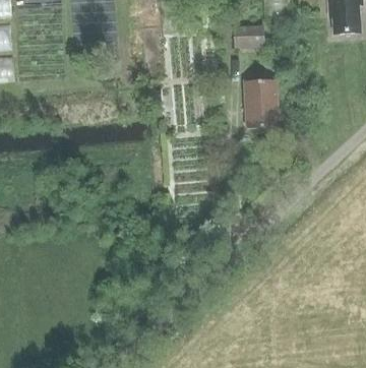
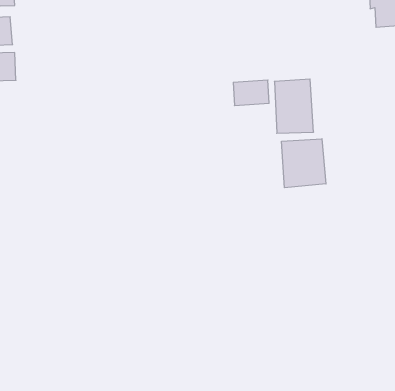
building: [232,25,263,48] -> [233,80,269,106]
building: none -> [282,139,326,188]

